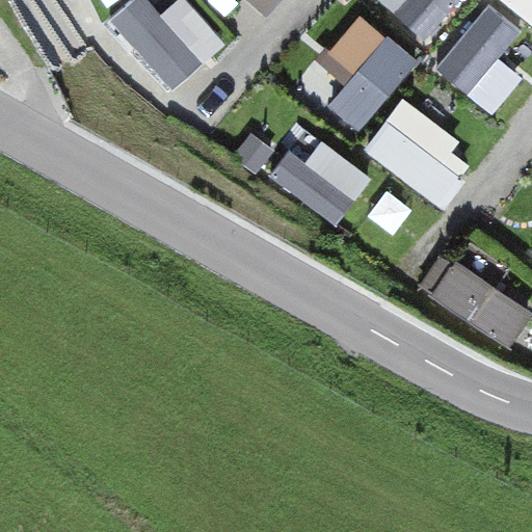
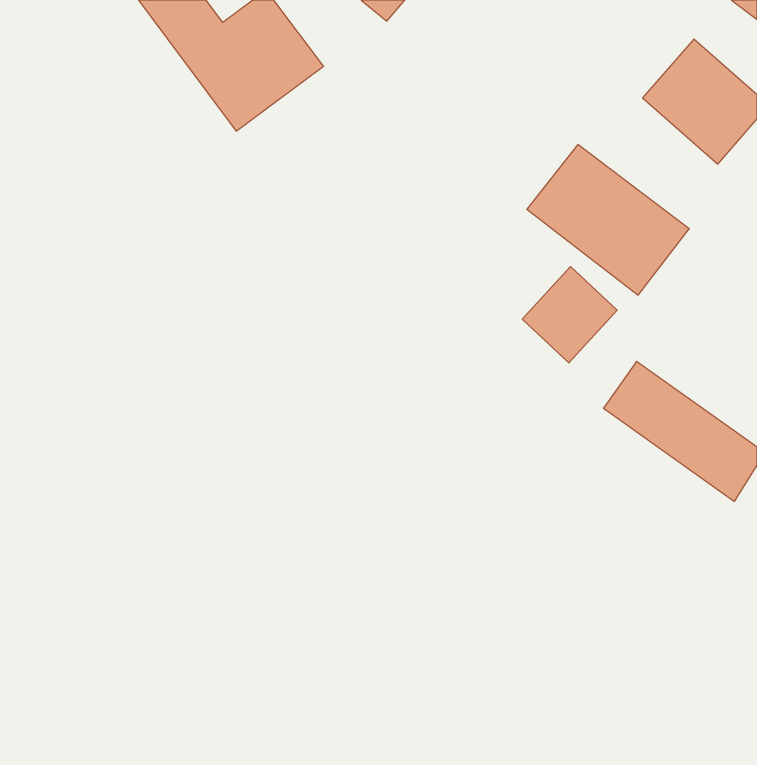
building: [327,14,416,130] -> none
building: [264,122,370,224] -> none

